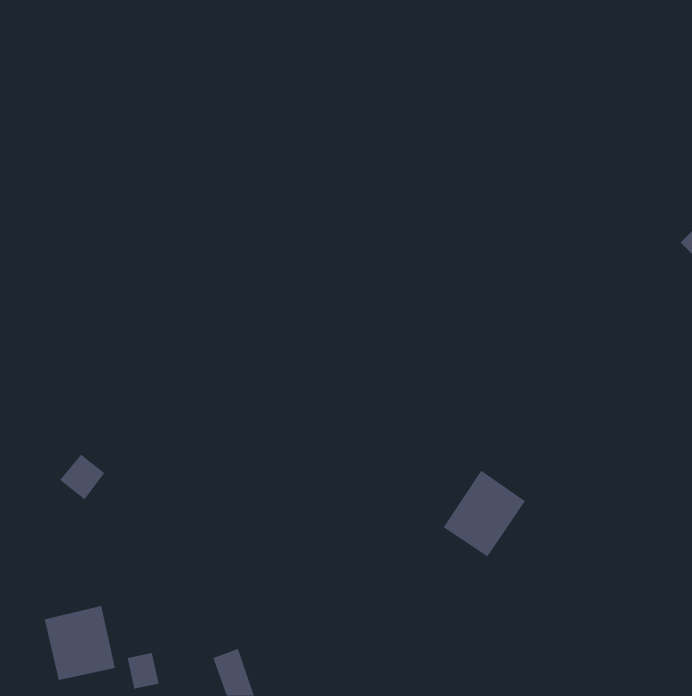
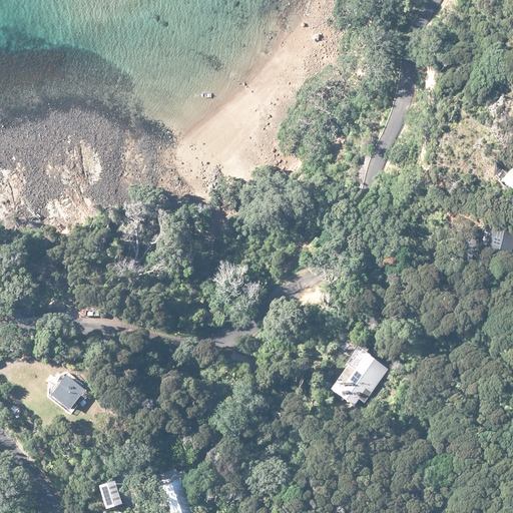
building: [59,454,105,500] -> [51,376,85,410]
building: [44,605,115,681] -> none

